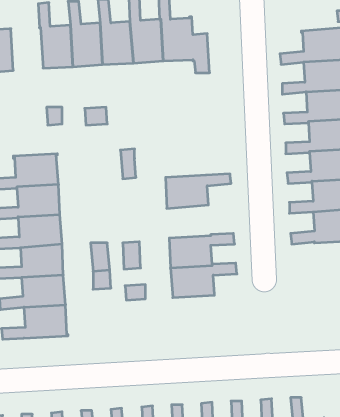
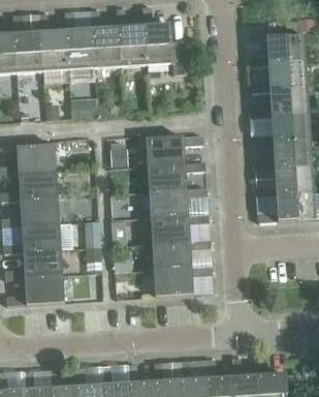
building: none -> [11,14,41,71]
building: none -> [145,134,202,164]
building: none -> [149,187,205,217]
building: none -> [154,265,211,296]

